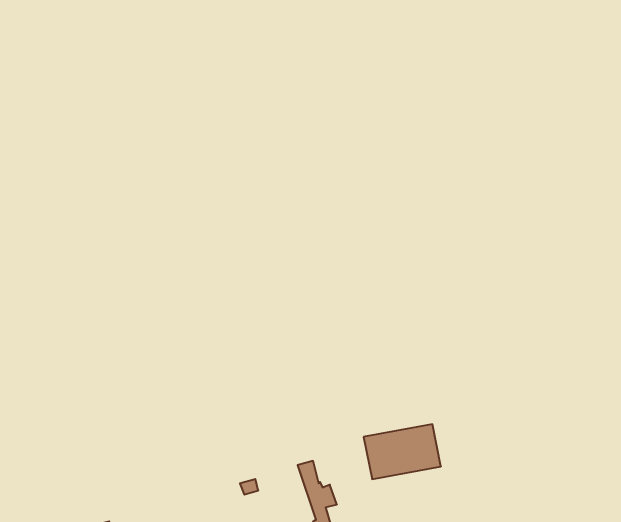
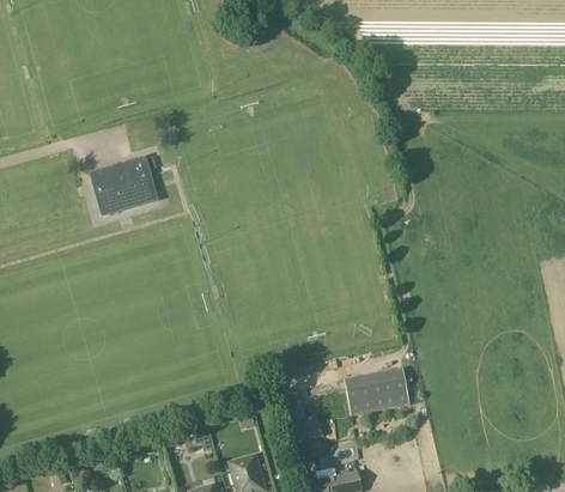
building: none -> [91,159,156,208]

